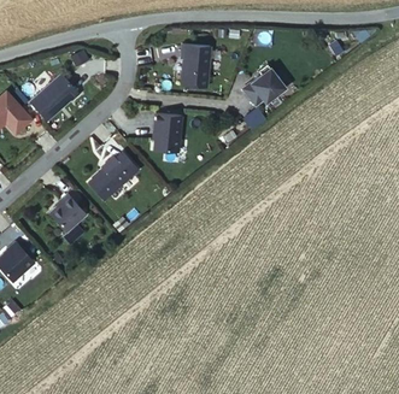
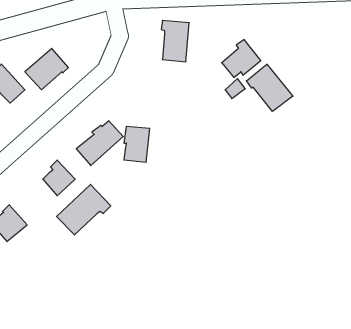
building: none -> [246,64,293,111]
building: [152,113,180,152] -> [124,126,150,162]
building: none -> [57,184,111,235]

